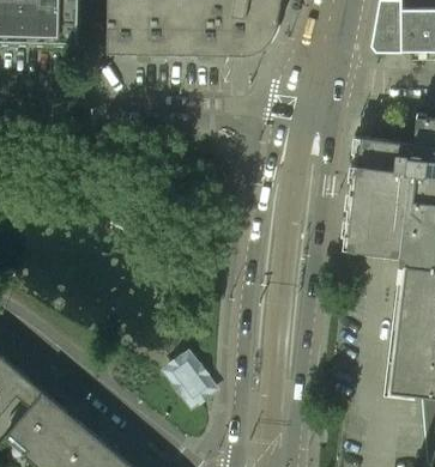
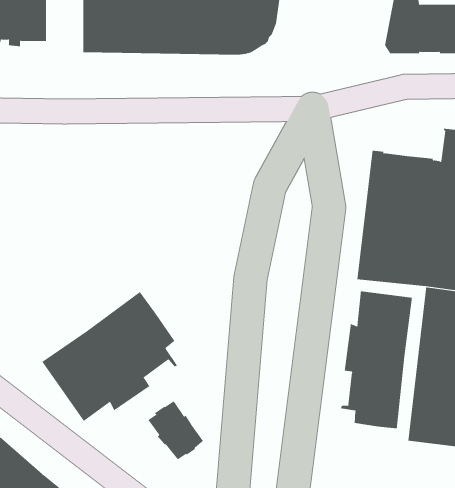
building: none -> [340,291,413,429]
building: none -> [41,291,178,422]

